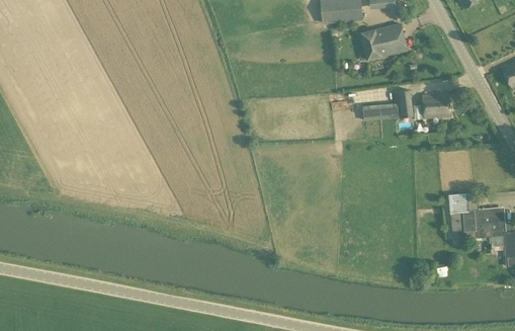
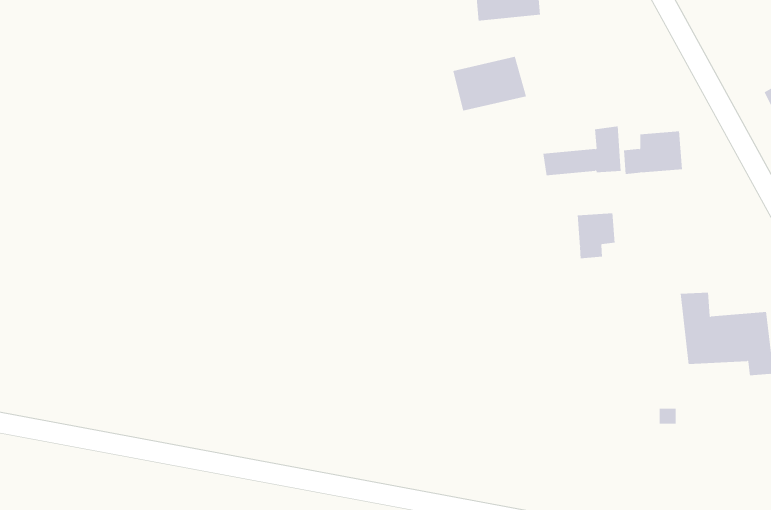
building: [361,24,408,59] -> [453,56,527,111]
building: none -> [577,212,615,259]

